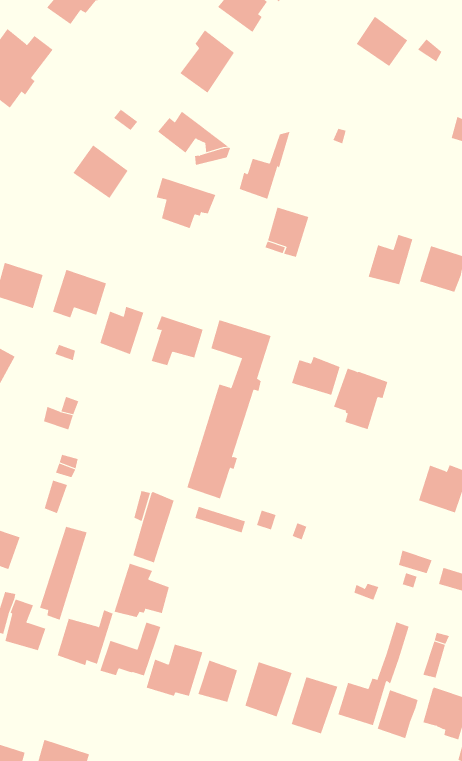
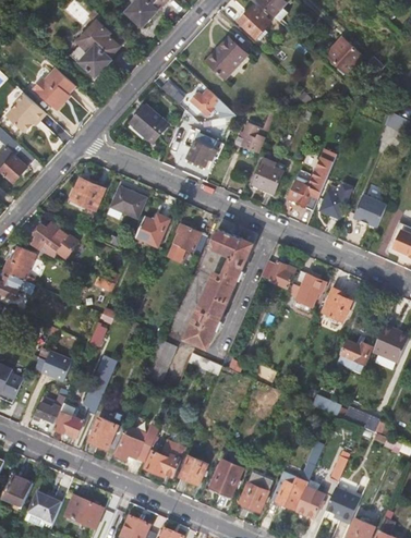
building: none -> [286,150,335,212]
building: none -> [322,286,351,320]
building: [114,563,170,618] -> none

